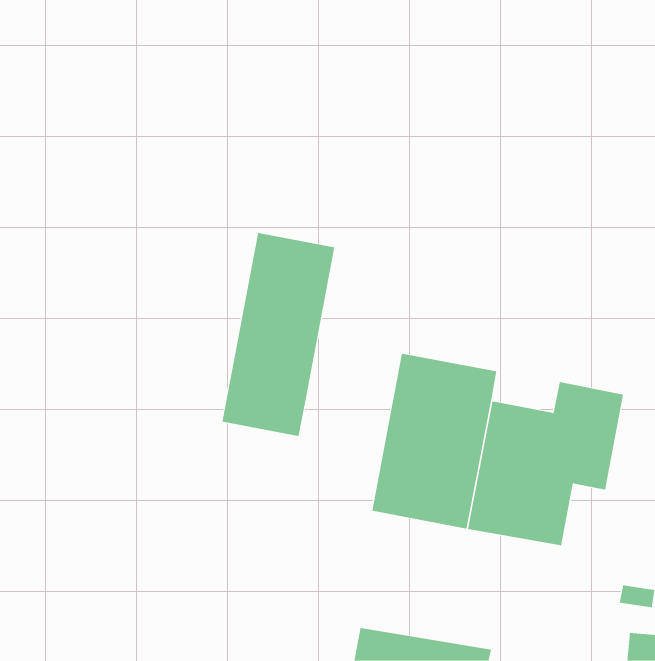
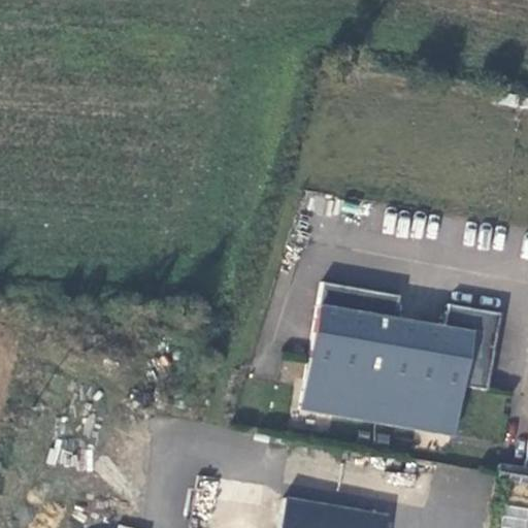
building: [222,232,335,437] -> none

